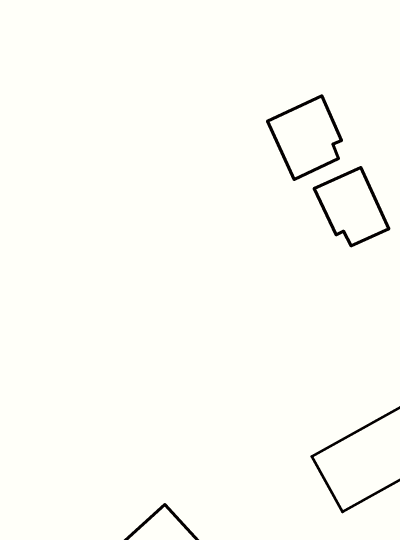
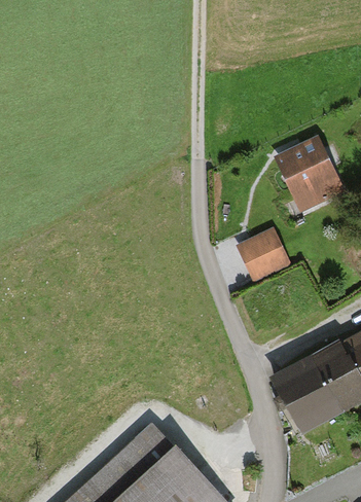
building: [267,96,342,179] -> none
building: none -> [240,232,287,278]

